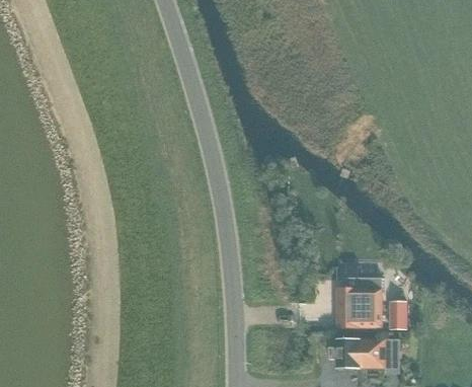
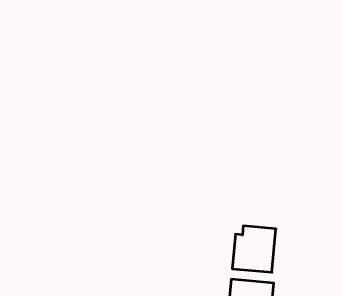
building: [389,301,407,330] -> none

